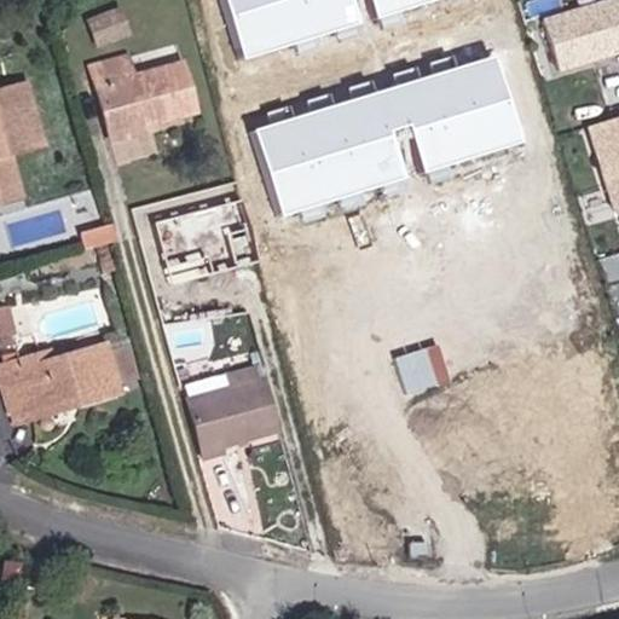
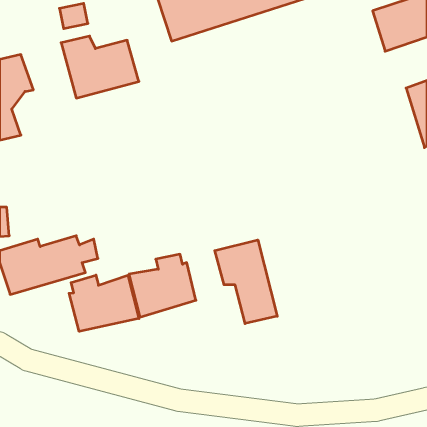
building: [259,54,522,216] -> none
building: none -> [215,240,277,324]
building: none -> [69,275,139,331]

